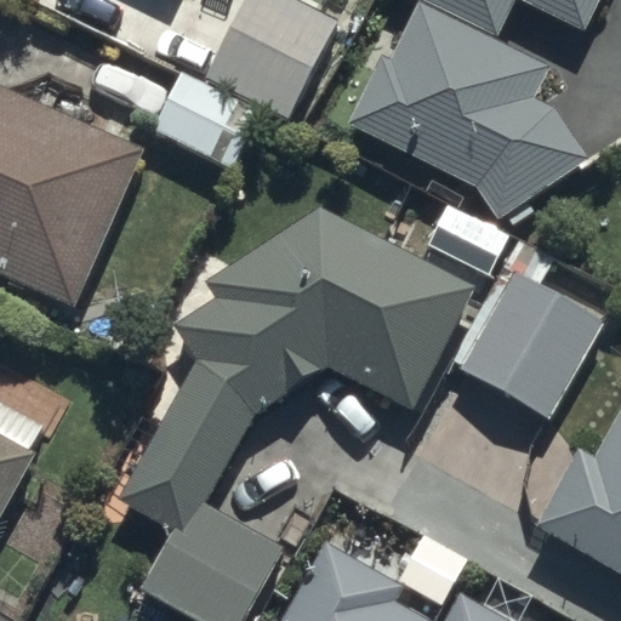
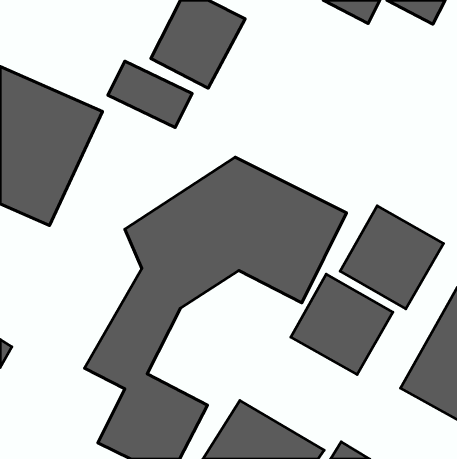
building: [351,10,592,215] -> none
building: none -> [291,274,393,374]

